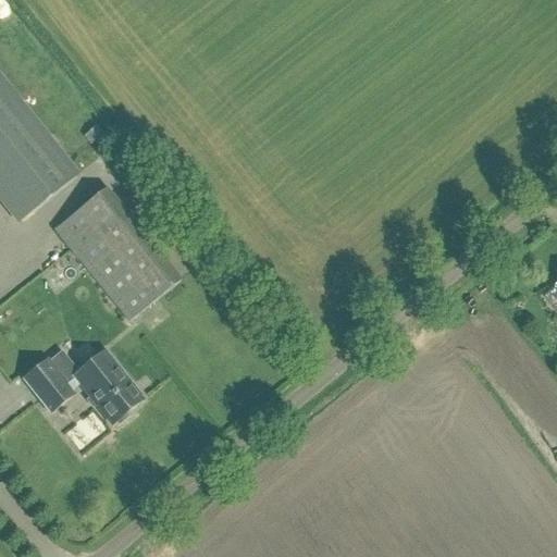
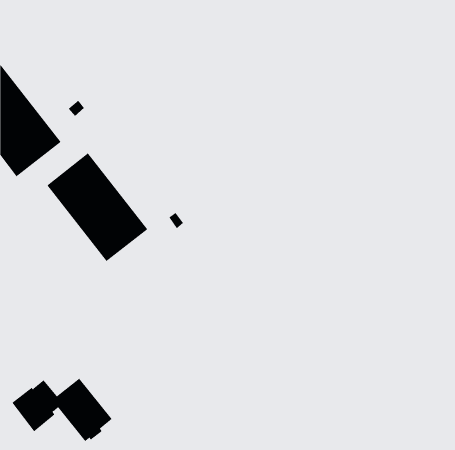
building: [22,345,145,423] -> [12,378,112,442]

